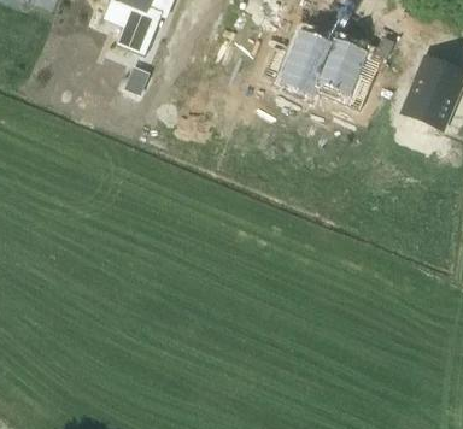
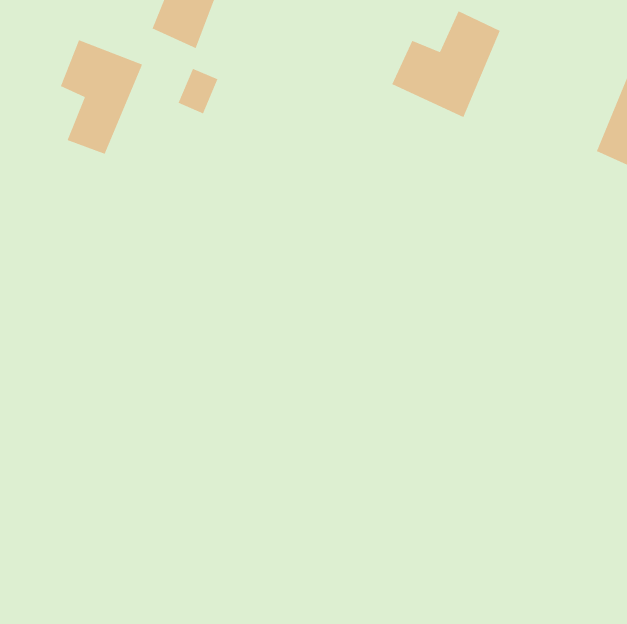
building: [312,37,368,117] -> none
building: none -> [60,39,143,155]

